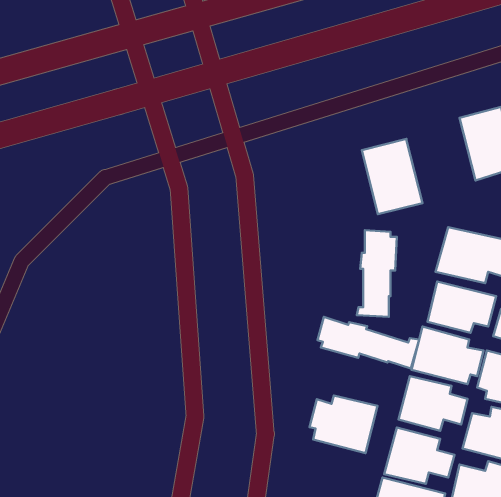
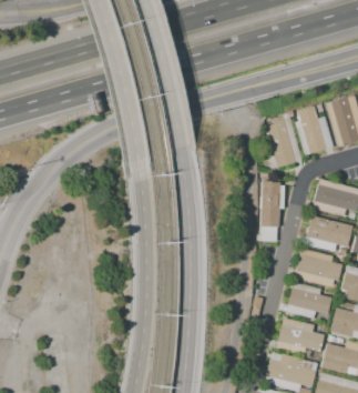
building: none -> [295,107,335,154]
building: [318,317,419,368] -> none
building: [309,395,378,453] -> none

